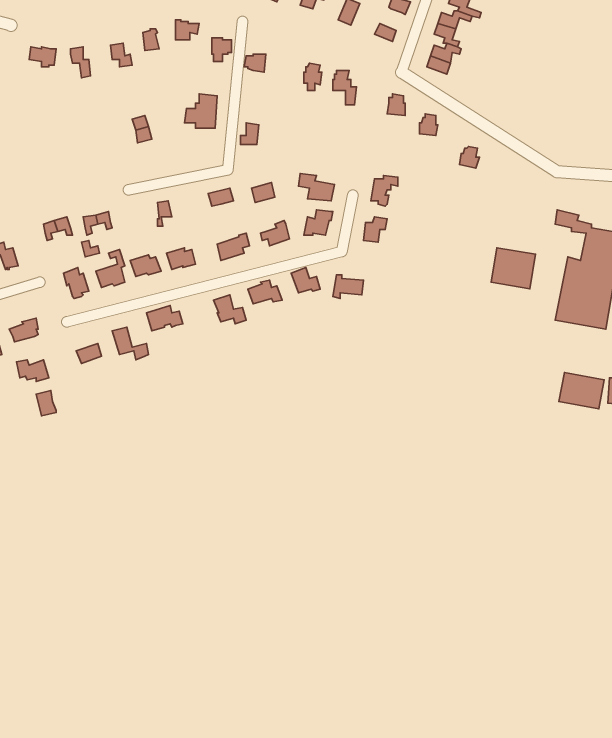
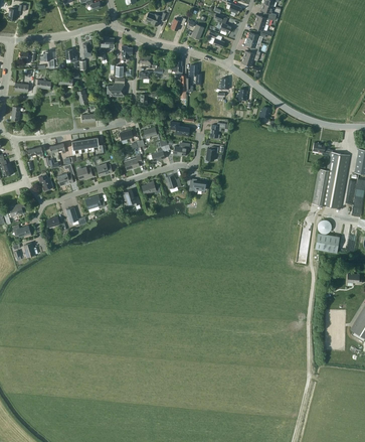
building: [491,248,535,289] -> none

